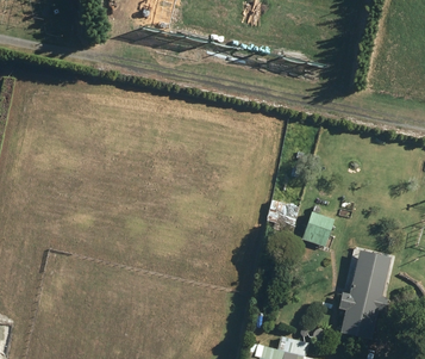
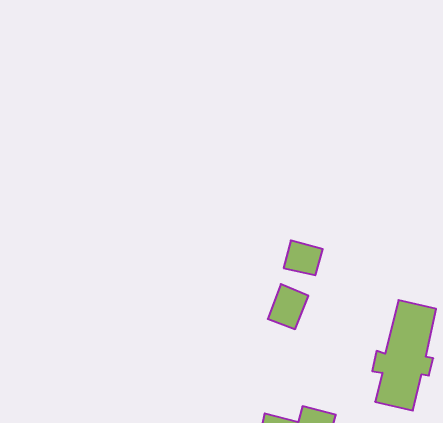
building: [301,212,335,249] -> [268,284,308,329]

